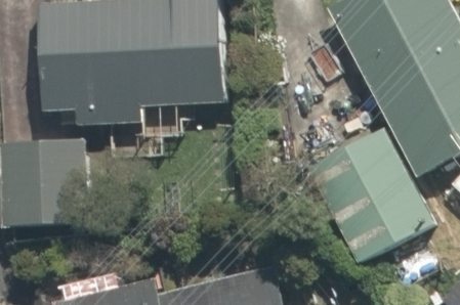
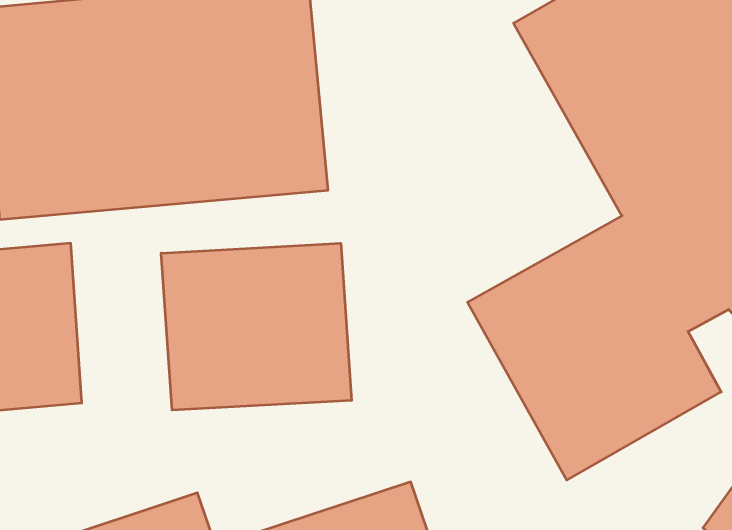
building: none -> [161,243,352,410]

